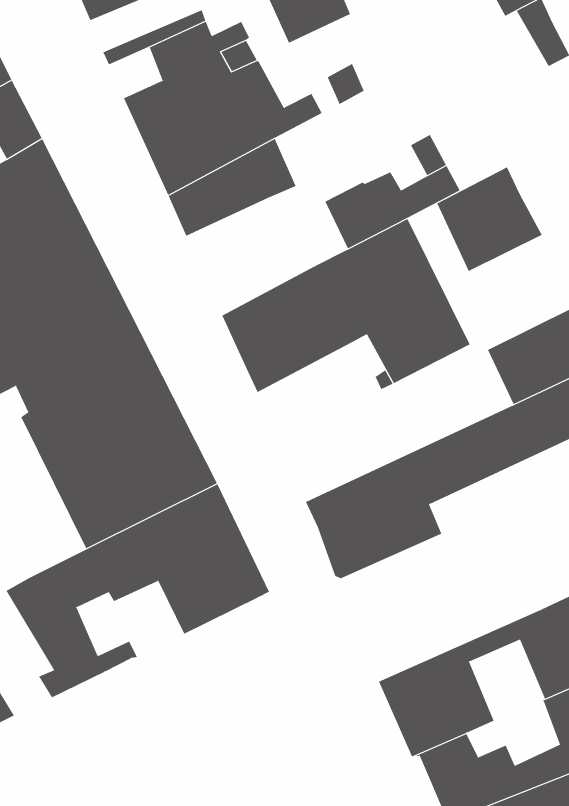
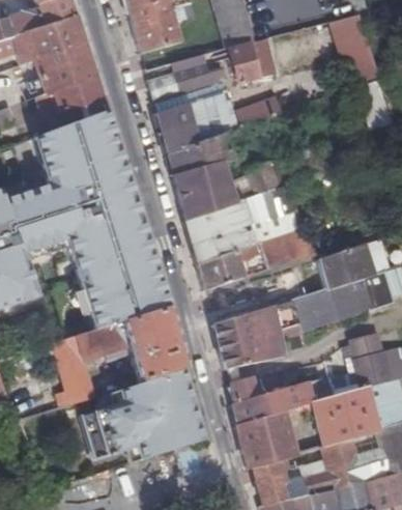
building: [437,166,542,272] -> none
building: none -> [172,160,237,218]
building: none -> [197,243,254,289]
building: none -> [230,374,328,423]
building: none -> [82,369,202,460]

